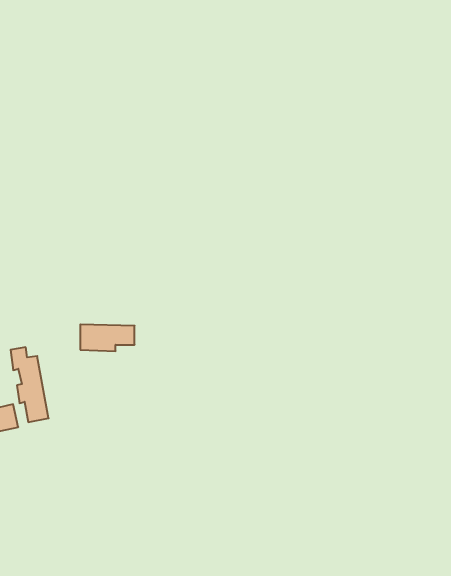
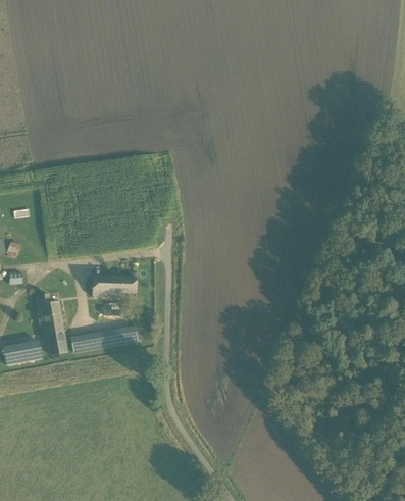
building: none -> [69,325,137,352]

